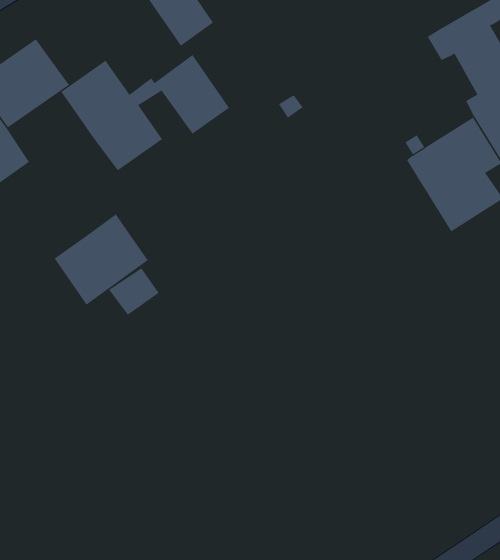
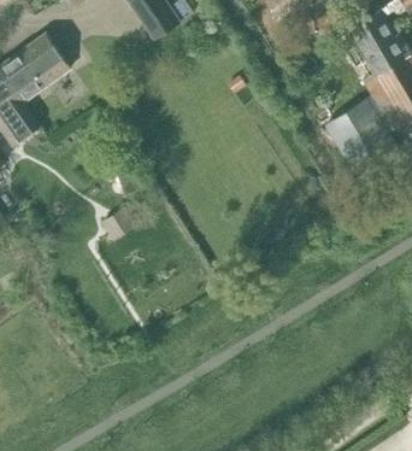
building: [61,54,230,171] -> none
building: [54,213,149,305] -> none

